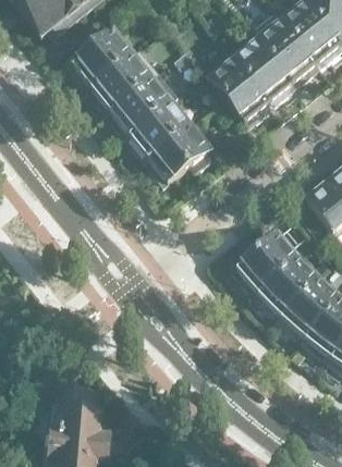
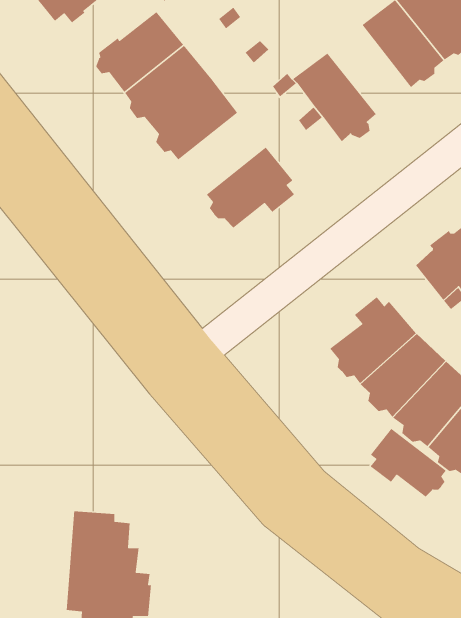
building: [235,33,294,96] -> none
building: [130,95,192,152] -> none
building: none -> [370,428,447,497]

